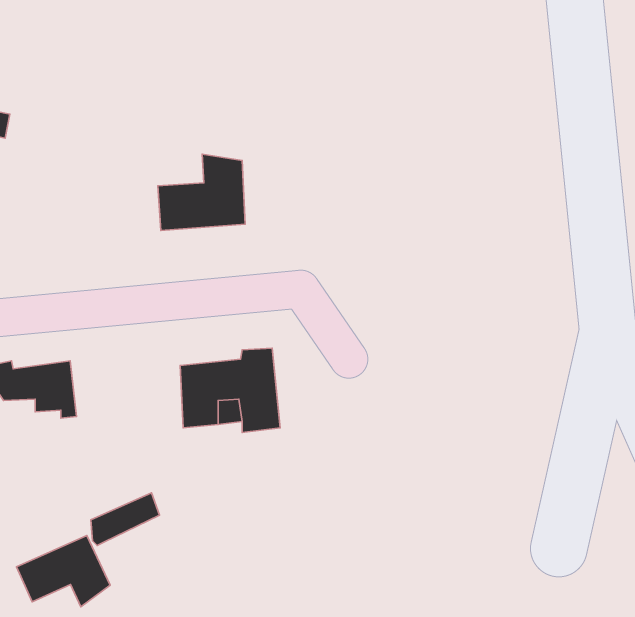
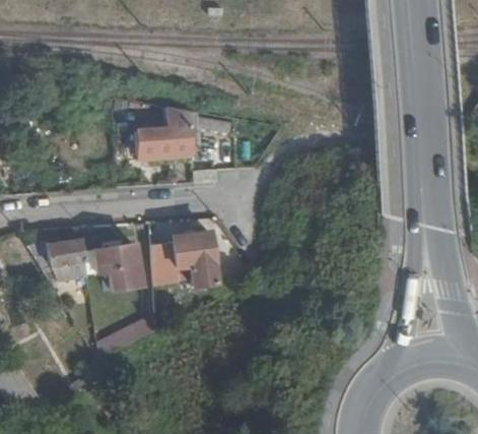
building: none -> [97,247,142,290]
building: [17,536,110,607] -> none

